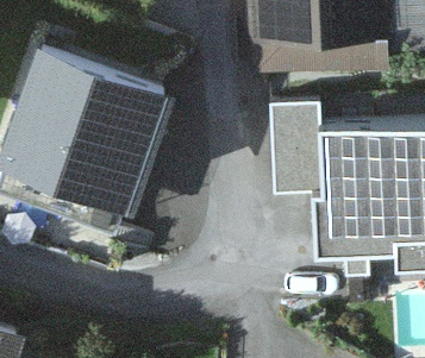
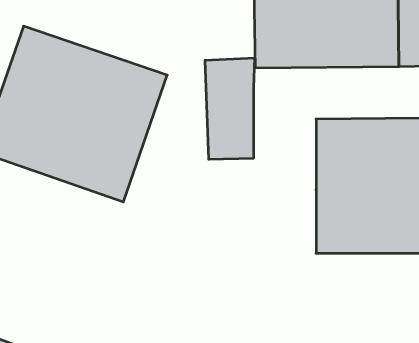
building: [268,93,317,191] -> [205,58,255,159]

